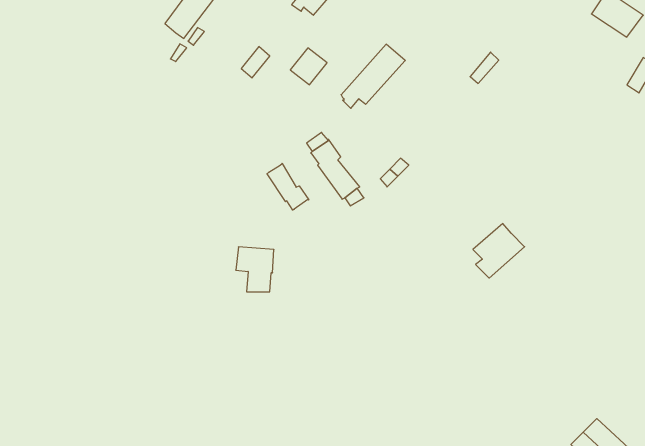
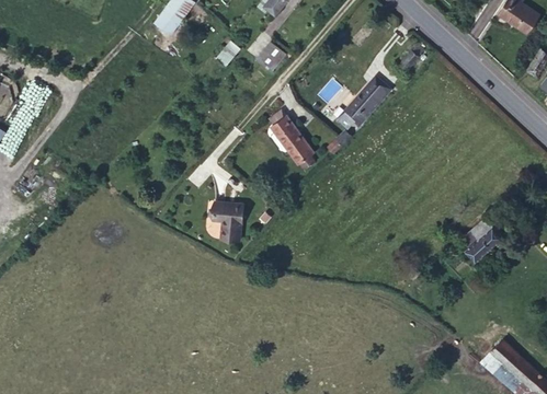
building: [341,44,405,108] -> [340,77,391,128]
building: [267,163,309,210] -> none
building: [473,224,525,278] -> [463,218,504,262]

